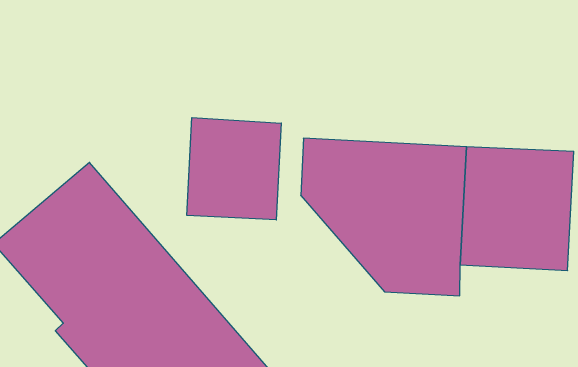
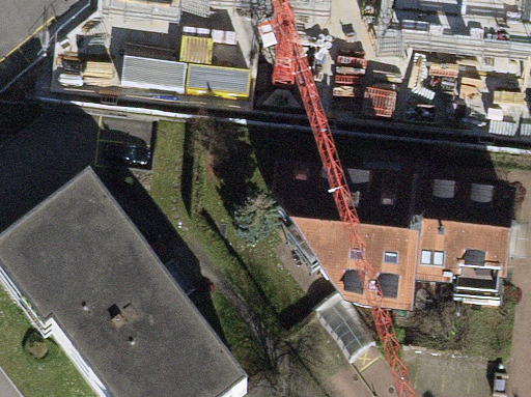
building: [187,118,281,220] -> none

